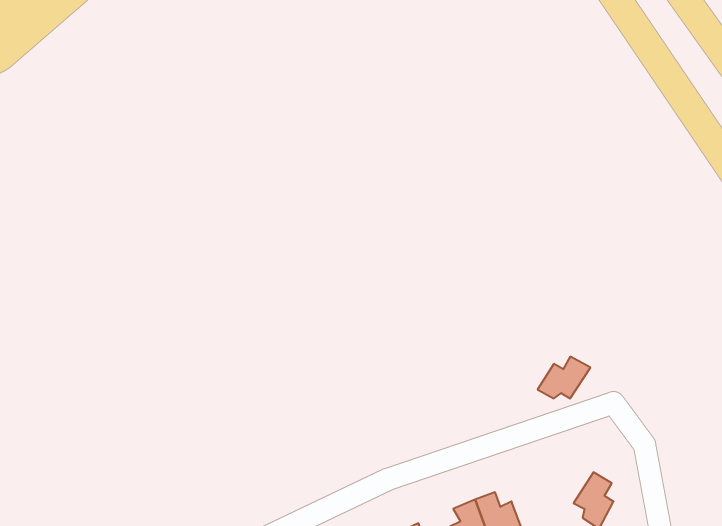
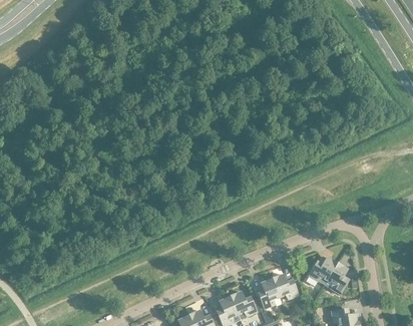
building: [538,357,590,398] -> [308,256,337,279]

